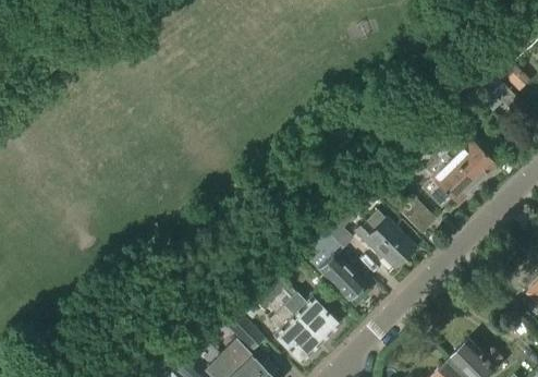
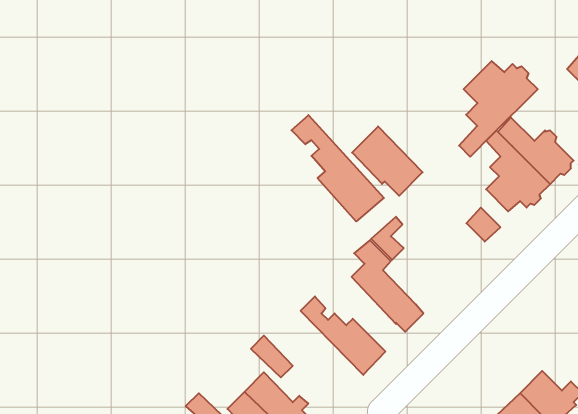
building: none -> [459,61,538,157]
building: none -> [291,115,384,221]
building: [356,209,415,267] -> [352,126,423,196]
building: [256,289,320,361] -> none

